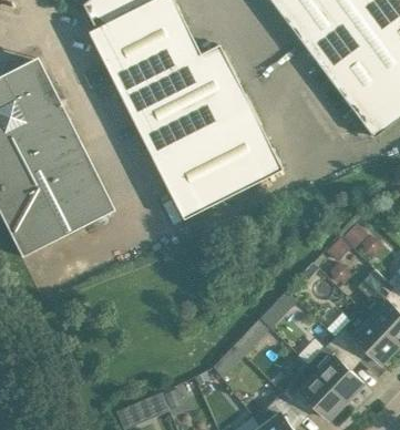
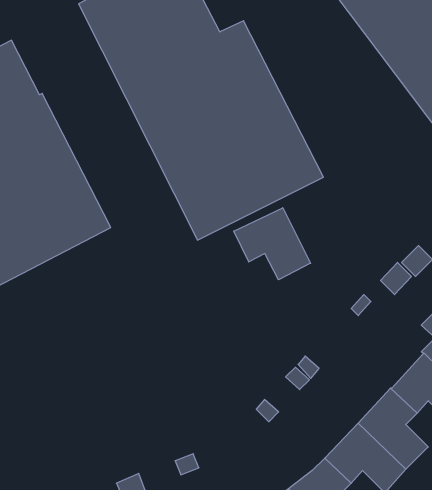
building: none -> [234,208,311,280]

